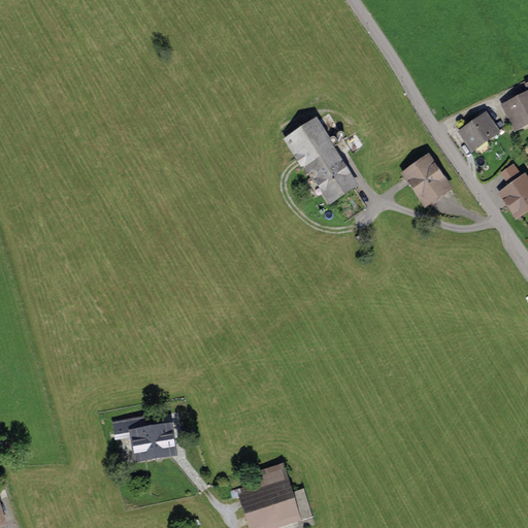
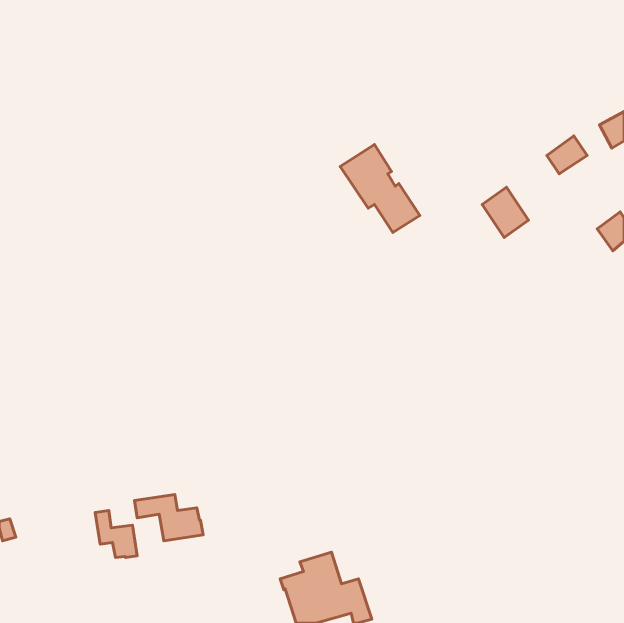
building: none -> [95,510,137,558]

